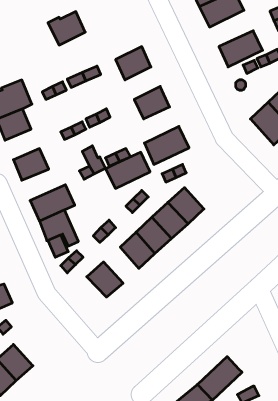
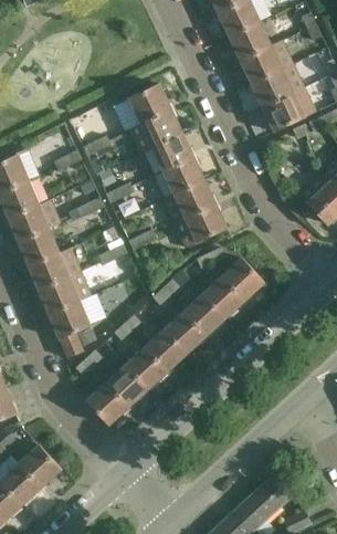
building: none -> [251,65,303,108]
building: [48,12,85,45] -> [126,84,170,124]
building: none -> [150,133,192,171]
building: none -> [8,202,60,243]
building: [105,152,150,188] -> [161,180,214,223]
building: none -> [28,250,80,292]
building: none -> [221,259,264,302]
building: none -> [125,347,167,390]
building: none -> [85,383,128,426]
building: none -> [18,444,61,489]

